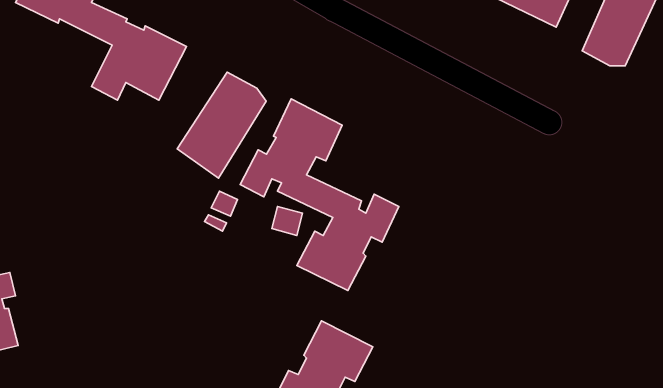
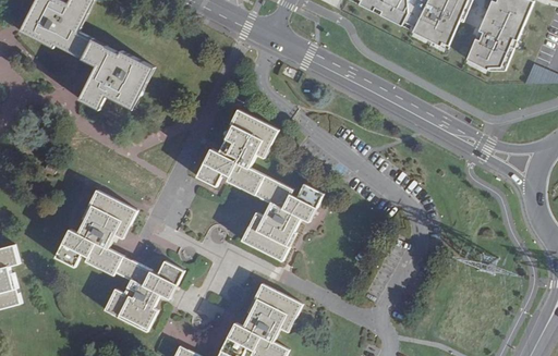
building: [177,72,266,178] -> none
building: none -> [53,187,182,328]

